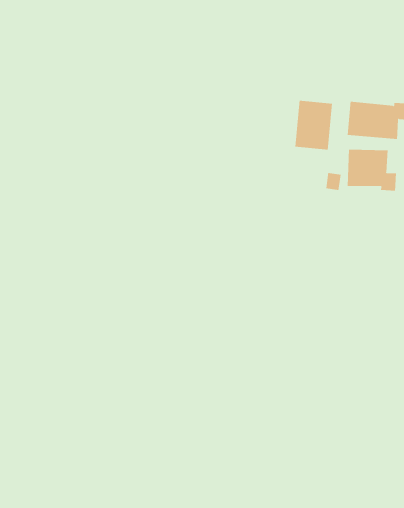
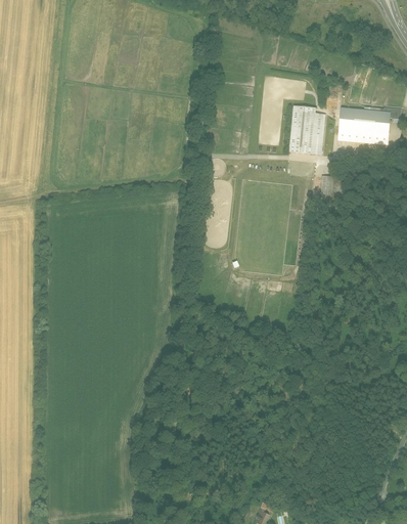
building: [347,149,397,192] -> none

